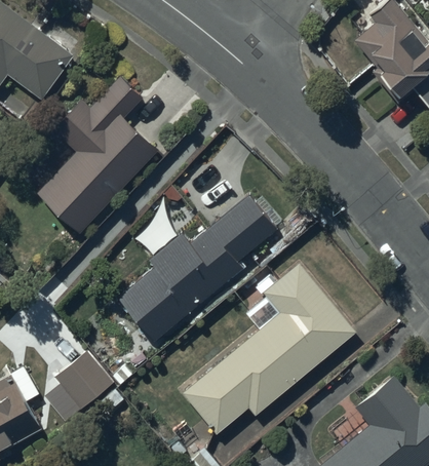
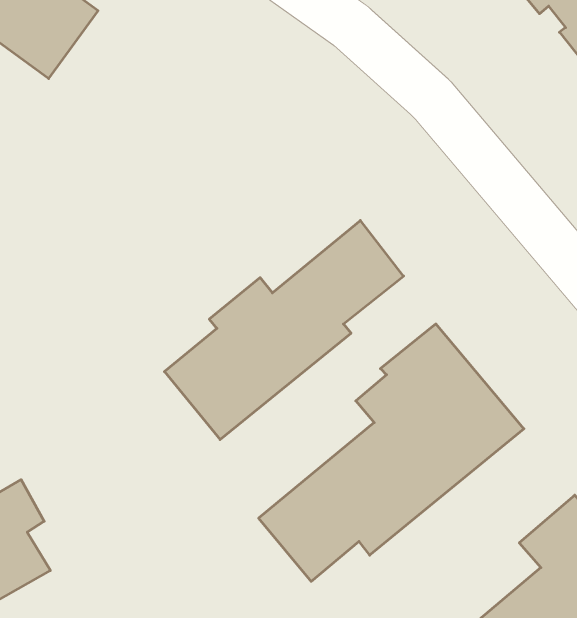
building: [37,76,158,233] -> none
building: [45,351,112,421] -> none

